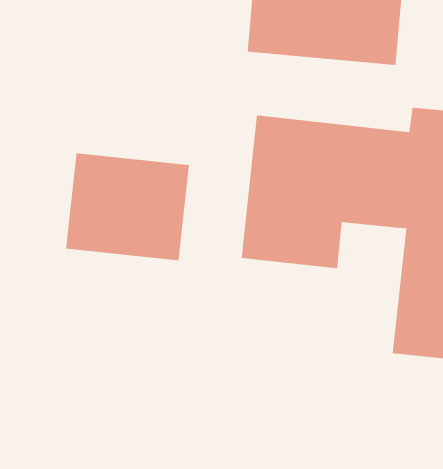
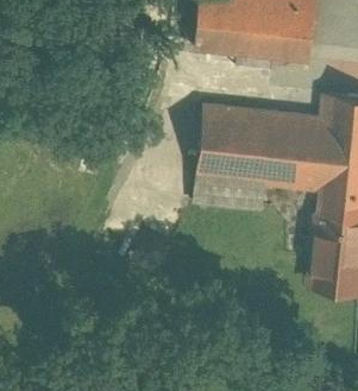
building: [65,152,190,261] -> none

